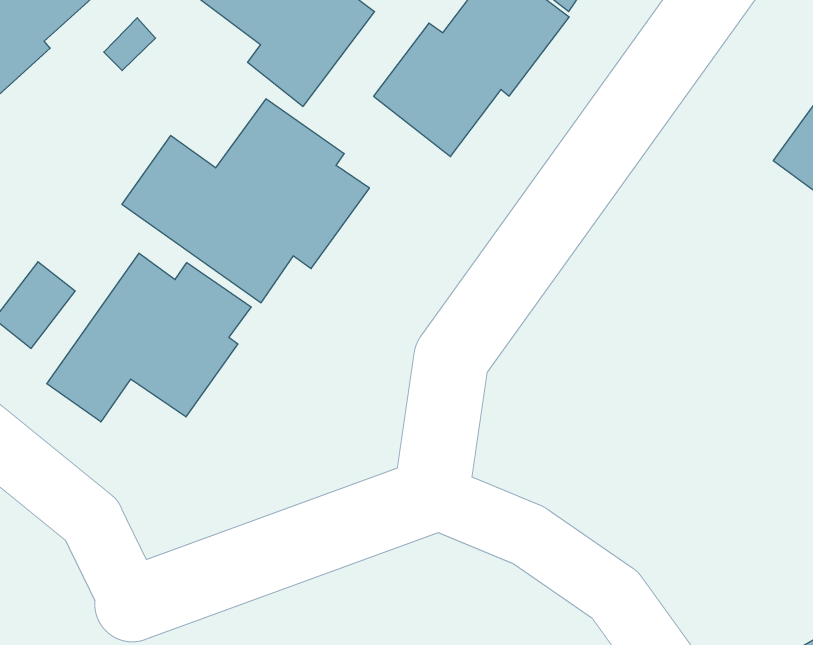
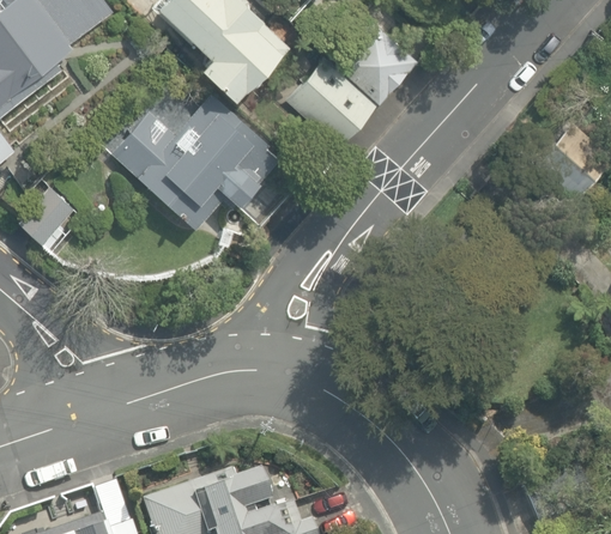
building: [47,253,251,422] -> none

